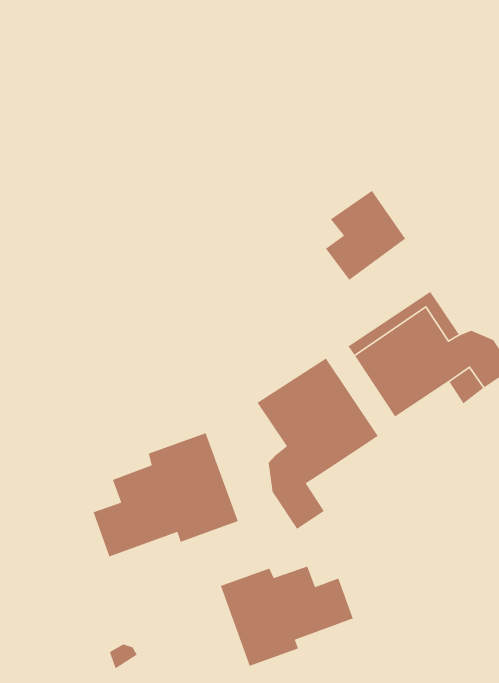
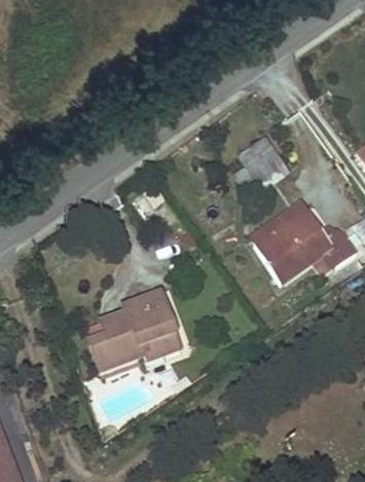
building: [257,358,379,530] -> none
building: [220,566,354,667] -> none

